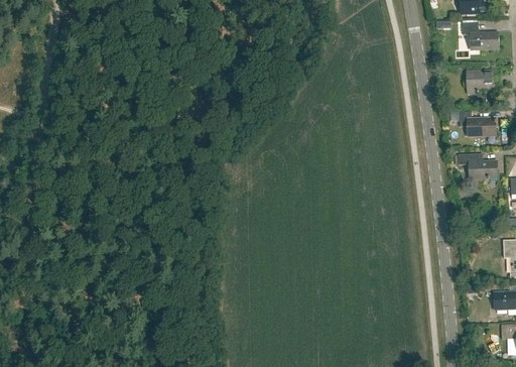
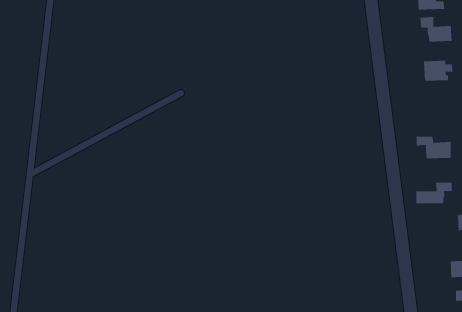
building: [460,110,497,136] -> none
building: none -> [416,182,452,204]

